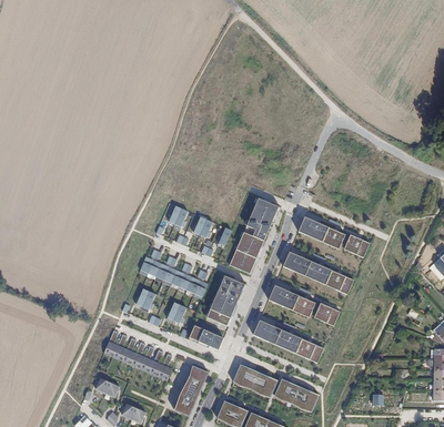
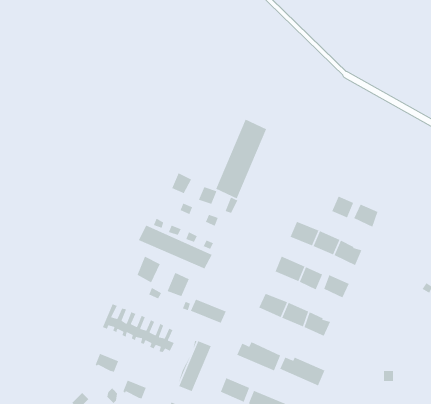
building: [229,196,279,274] -> [215,118,267,199]
building: [297,216,329,242] -> none
building: [206,274,245,325] -> none

